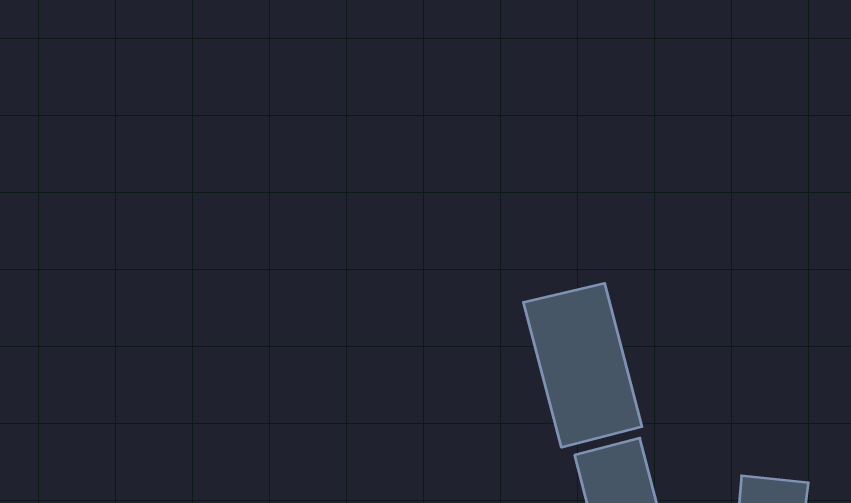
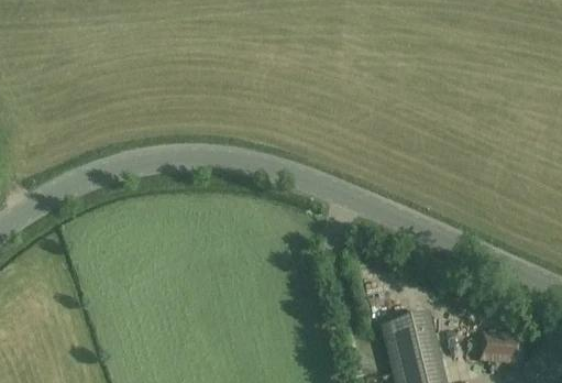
building: [523,283,642,447] -> none

